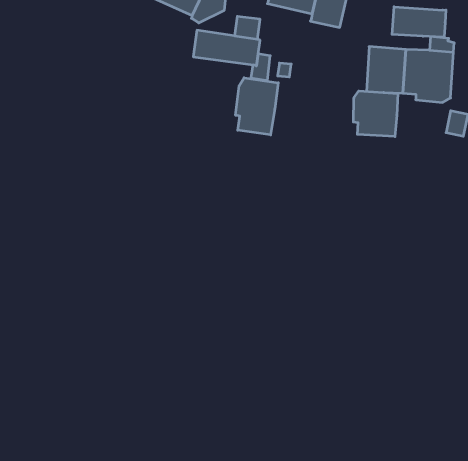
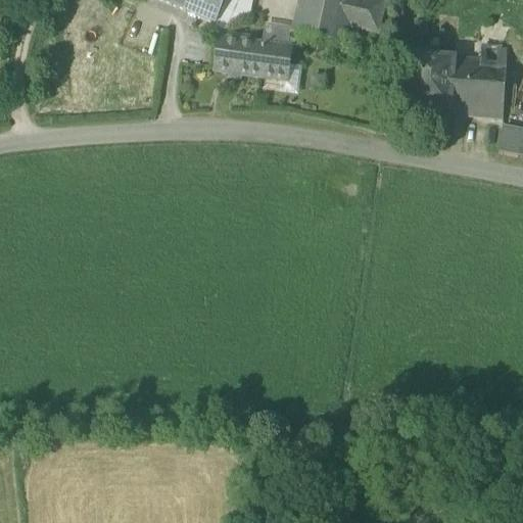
building: none -> [293,4,348,38]
building: [392,7,446,37] -> none
building: [236,78,278,135] -> none
building: [353,91,398,137] -> none

